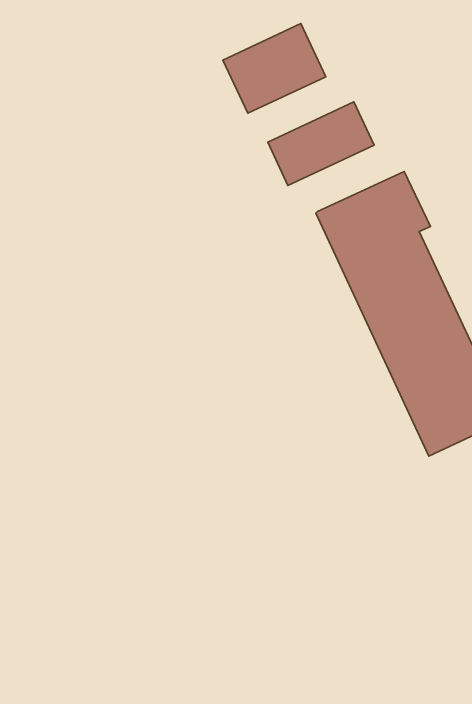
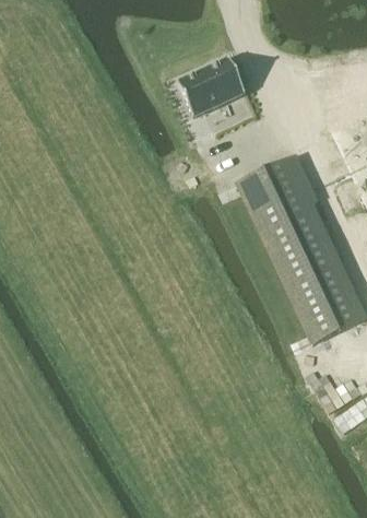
building: [268,102,374,186] -> none

